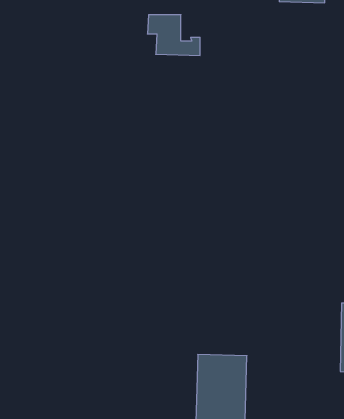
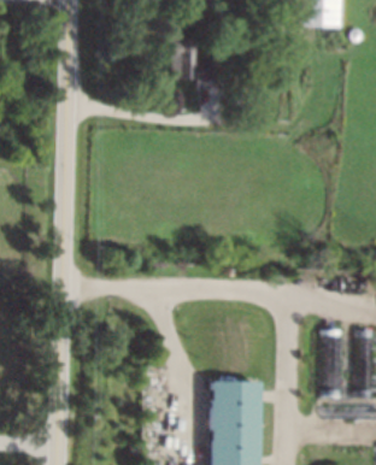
building: none -> [323,329,343,398]

